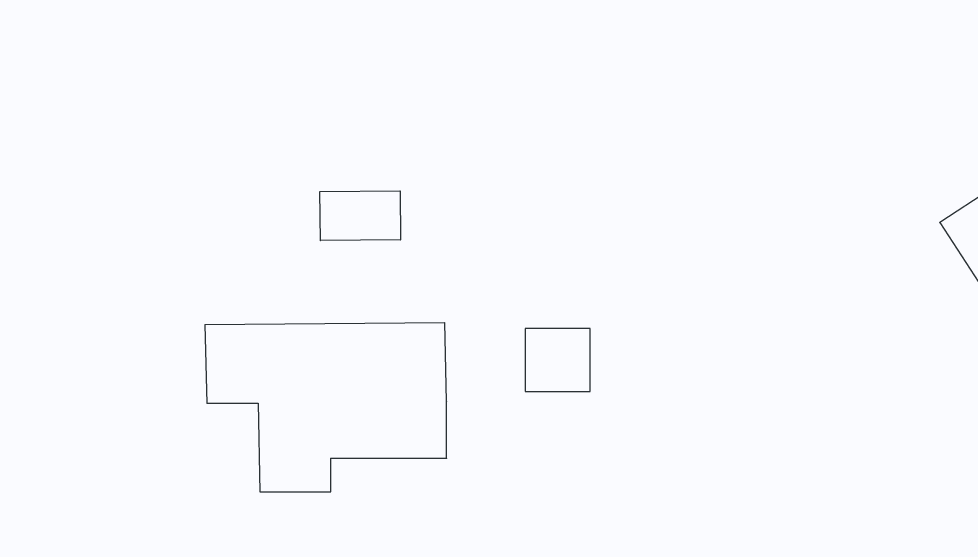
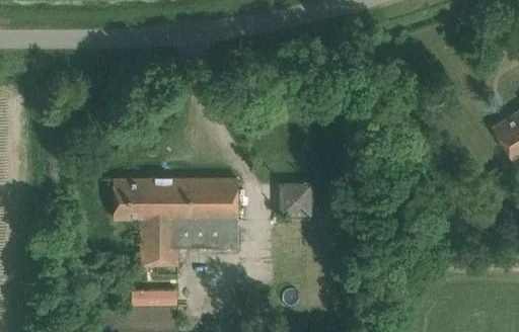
building: [320,191,400,241] -> none

